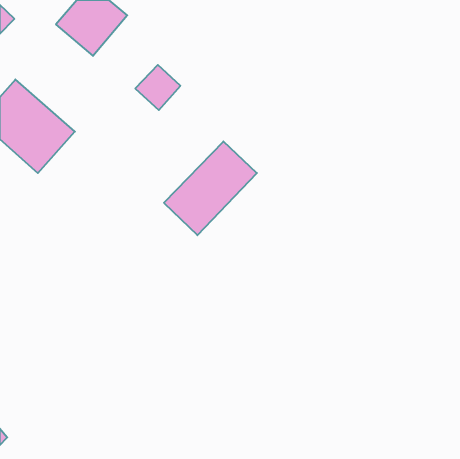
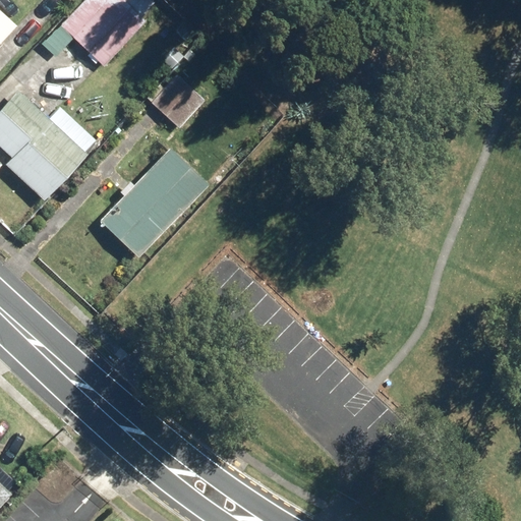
building: [164,141,257,235] -> [102,149,207,254]

